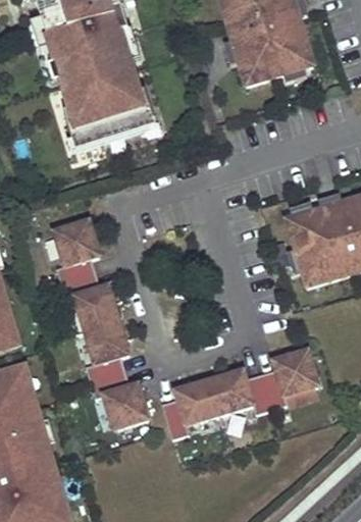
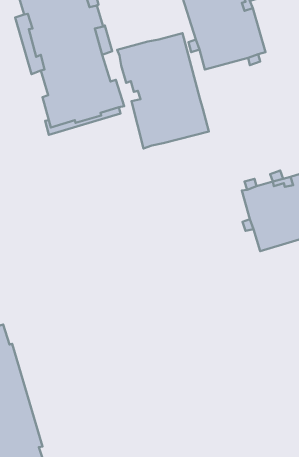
building: none -> [117,33,209,148]
building: [53,219,148,428] -> none
building: [160,350,318,437] -> none

